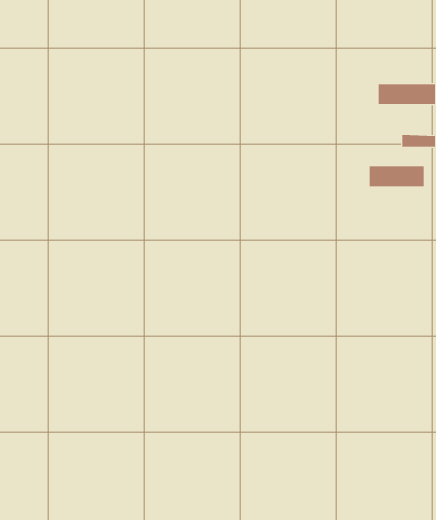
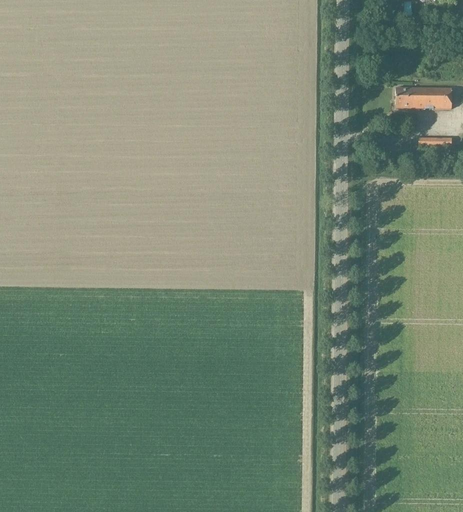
building: [369,165,424,187] -> none

